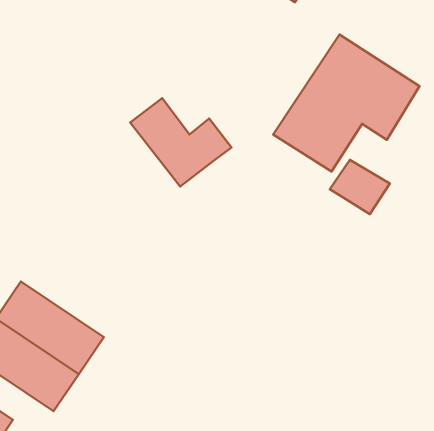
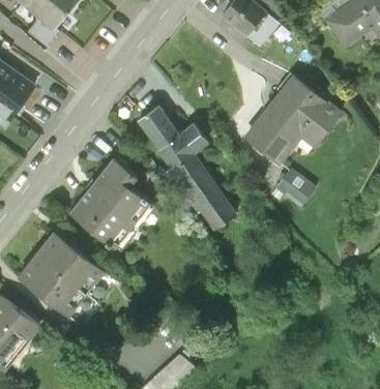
building: none -> [171,155,238,234]
building: none -> [69,161,150,251]

